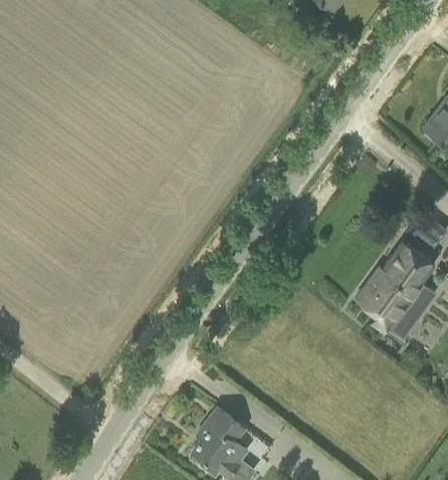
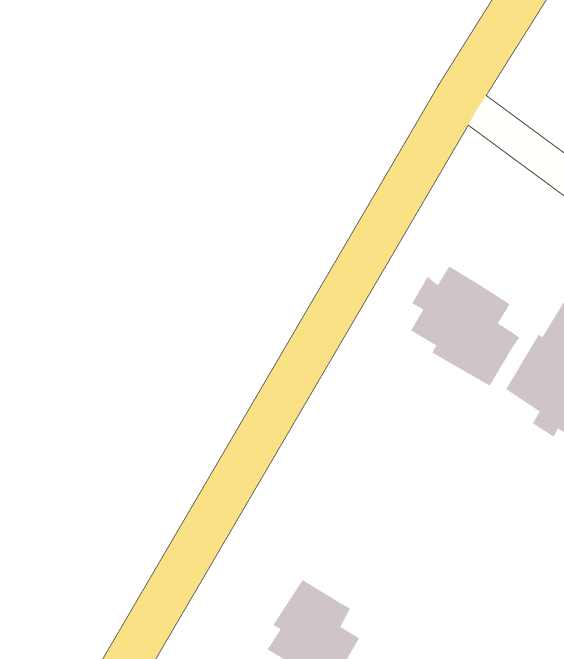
building: none -> [410,265,520,387]

